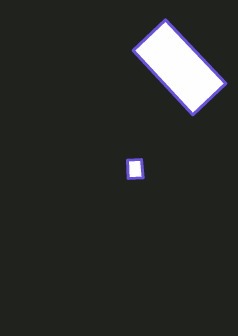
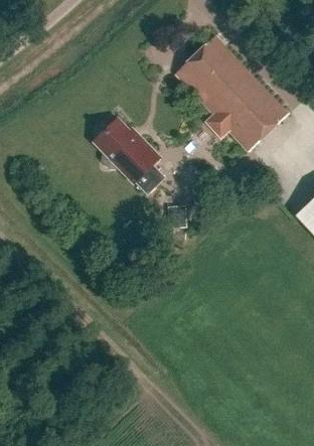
building: none -> [92,116,164,192]

